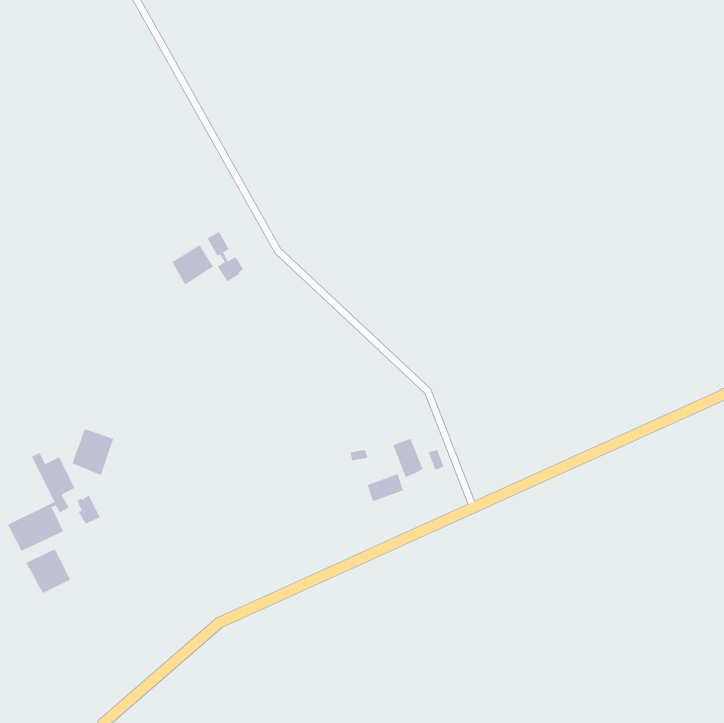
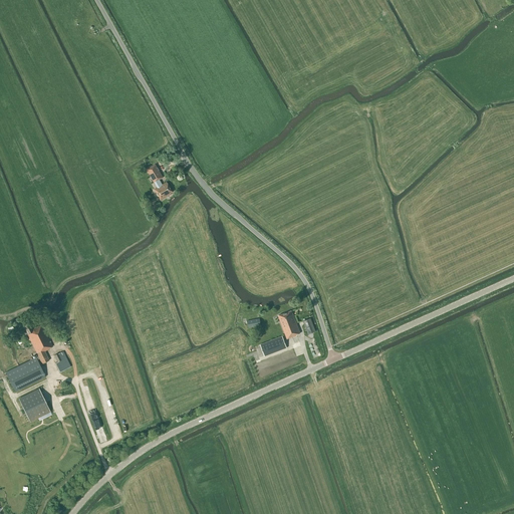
building: [172,244,214,286] -> none
building: [72,428,114,476] -> none

